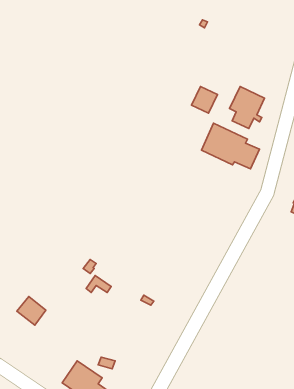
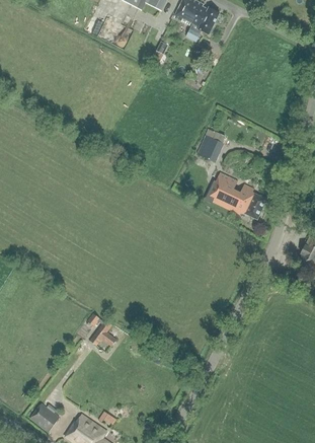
building: [230,87,265,129] -> none
building: [17,296,46,325] -> [29,401,59,431]

